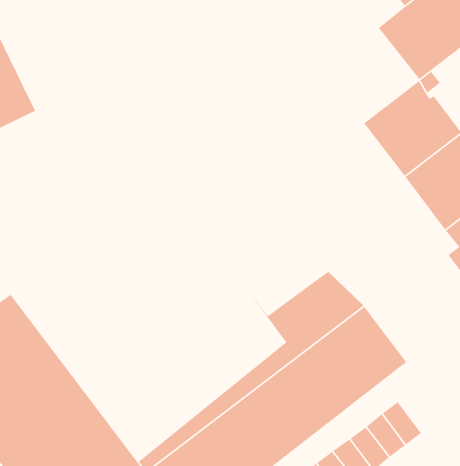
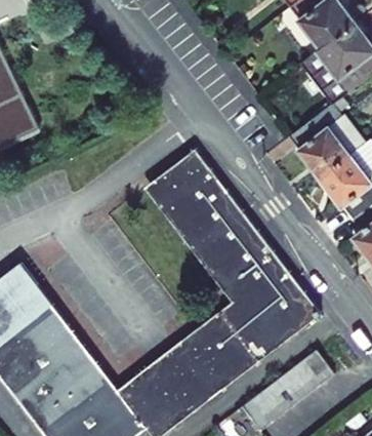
building: none -> [144,158,262,282]

